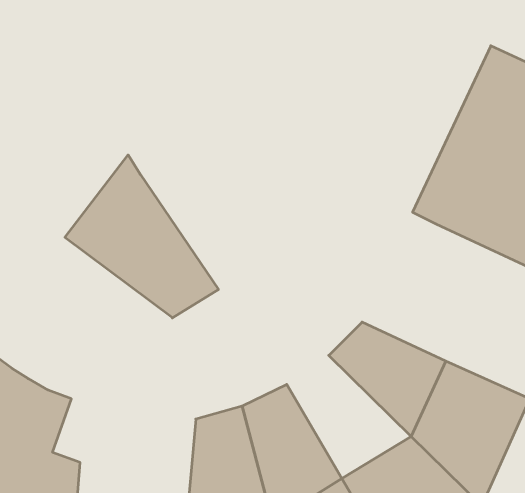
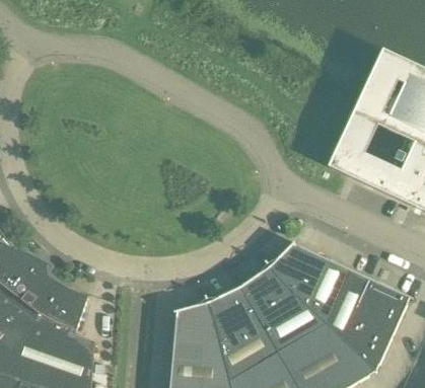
building: [65,155,218,318] -> none
building: none -> [239,266,327,353]

